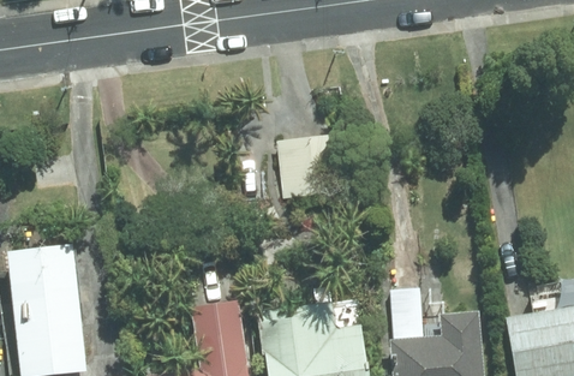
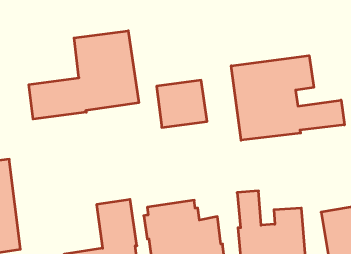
building: none -> [29,31,139,119]
building: none -> [231,56,344,140]

